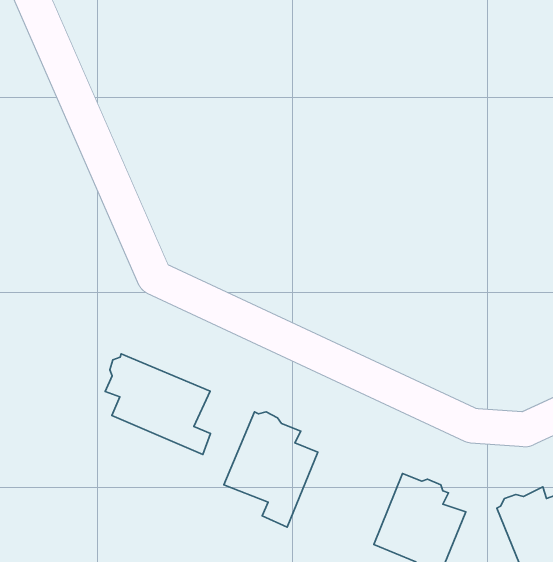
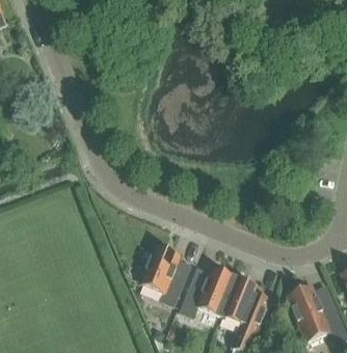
building: [105,354,210,455] -> none
building: none -> [180,266,236,316]

